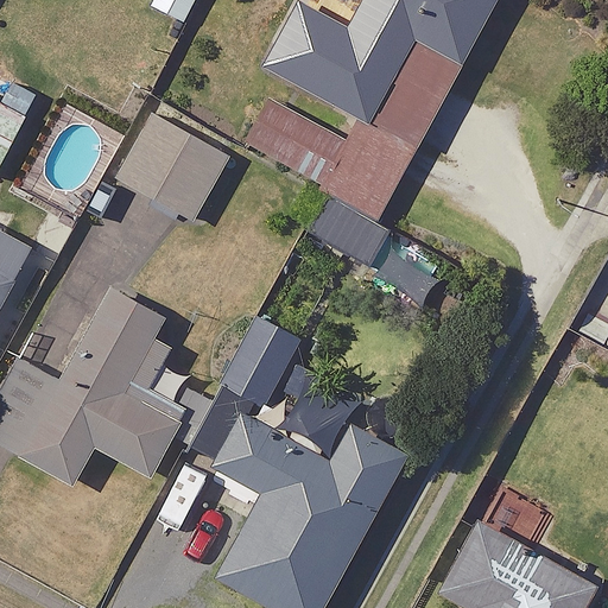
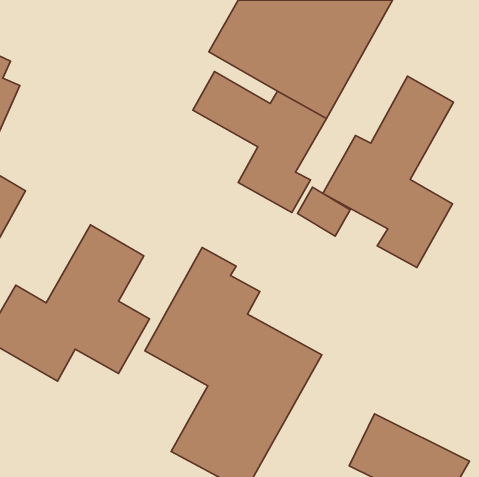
building: none -> [323,76,453,268]
building: [119,115,229,221] -> none

